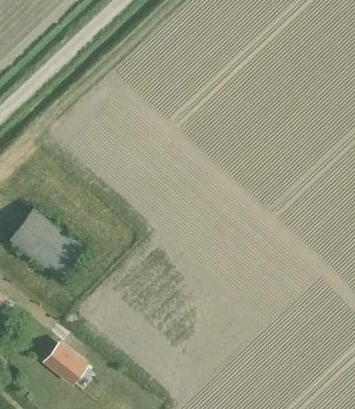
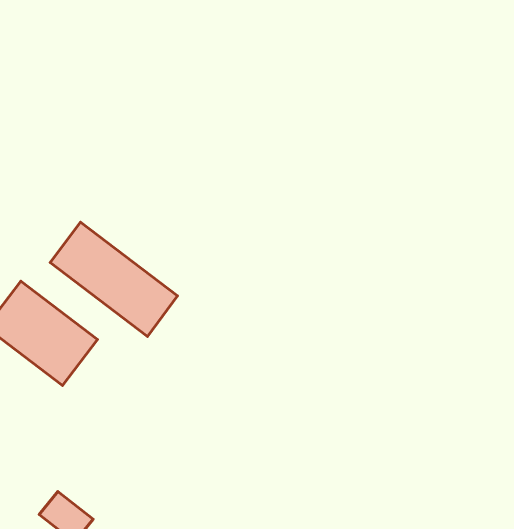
building: none -> [50,222,178,336]

